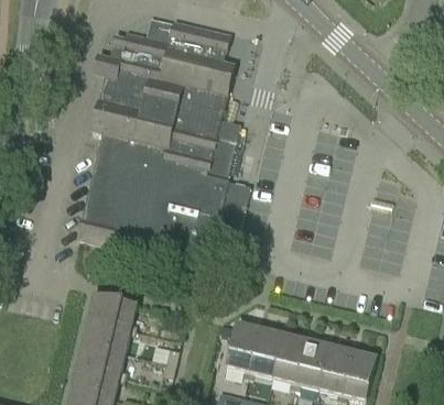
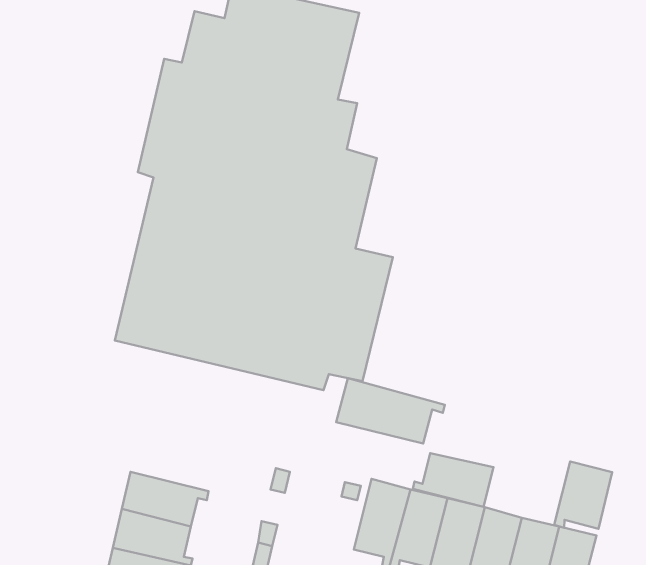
building: none -> [336,378,445,443]
building: [87,292,138,328] -> none
building: none -> [413,453,494,507]
building: none -> [554,461,612,529]

